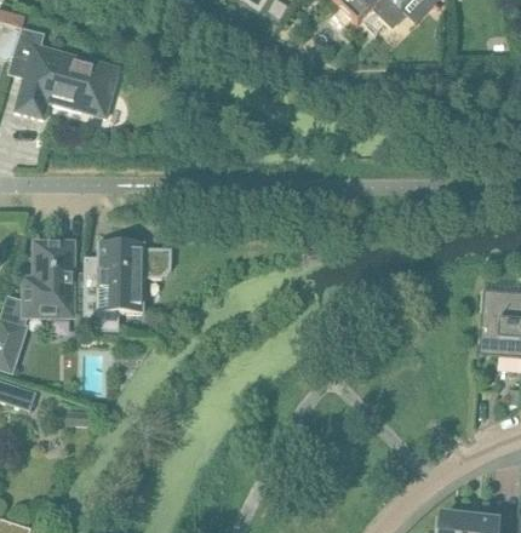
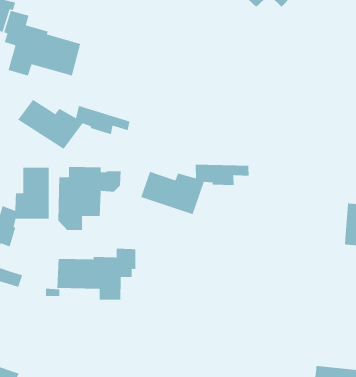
building: none -> [17,99,132,150]
building: none -> [140,164,251,215]
building: none -> [57,248,136,300]

